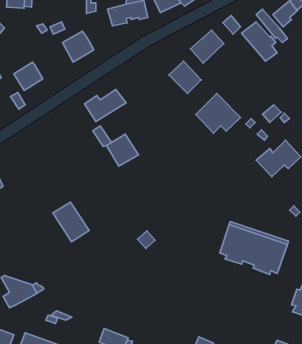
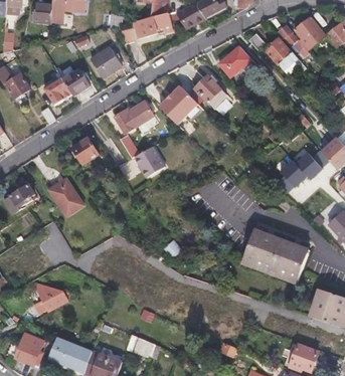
building: none -> [63,67,91,95]
building: [196,94,241,133] -> [158,84,201,123]
building: none -> [67,137,97,162]
building: [53,202,89,242] -> [47,176,82,214]

